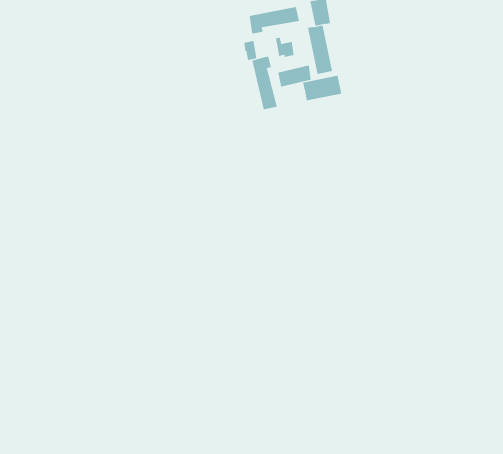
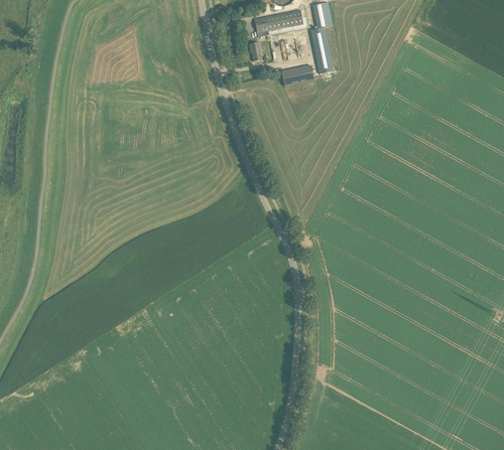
building: [252,56,277,110] -> none
building: [302,75,342,101] -> none

